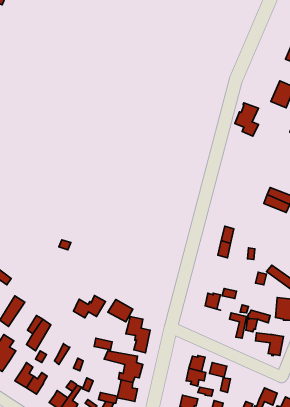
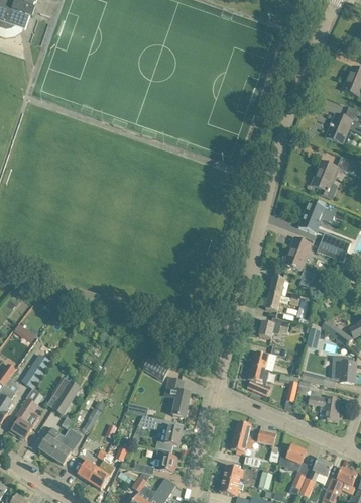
building: [235,103,258,136] -> [312,161,338,198]
building: none -> [299,200,336,233]
building: none -> [284,237,311,269]
building: none -> [259,316,289,338]
building: [73,296,105,318] -> none
building: none -> [248,365,270,395]
building: none -> [279,445,307,470]

